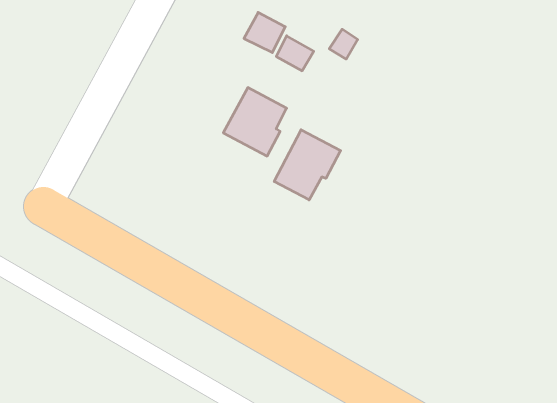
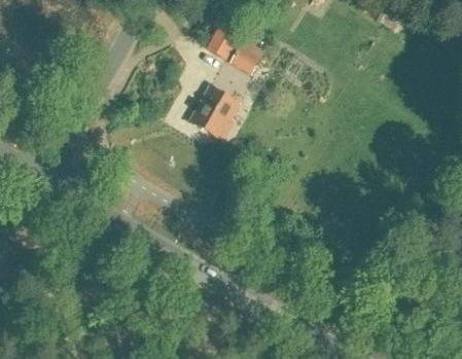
building: [274,130,341,200] -> none

